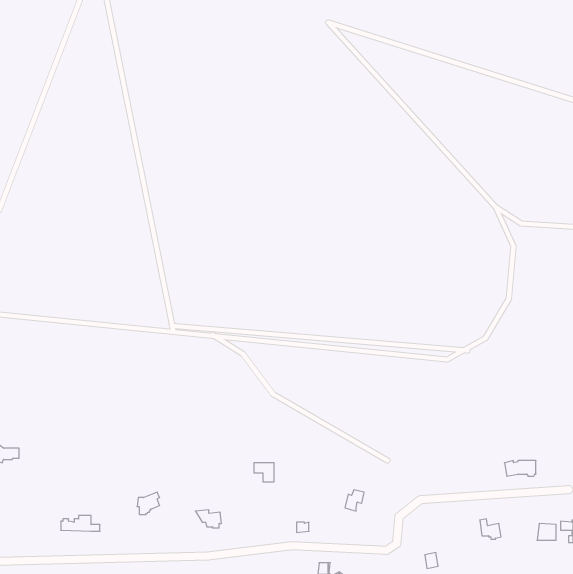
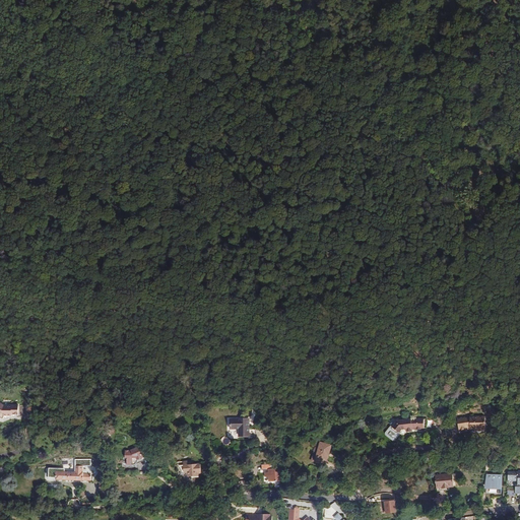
building: none -> [385,418,426,440]

